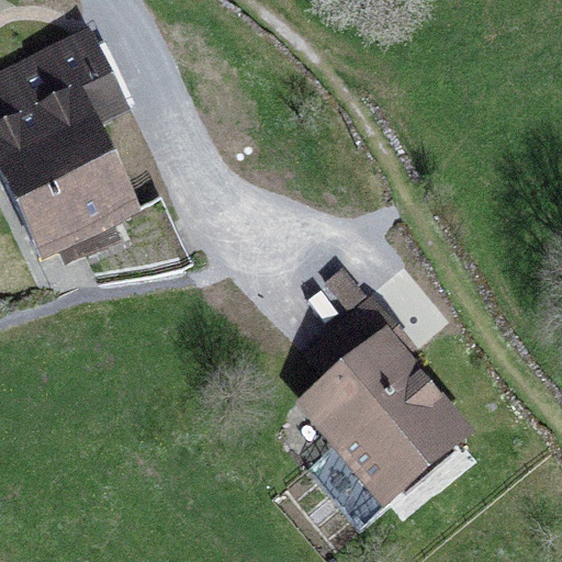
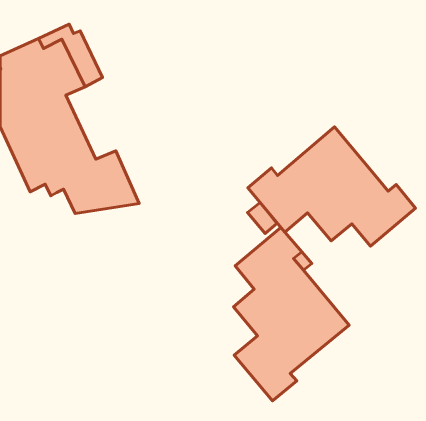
building: none -> [248,127,416,246]

